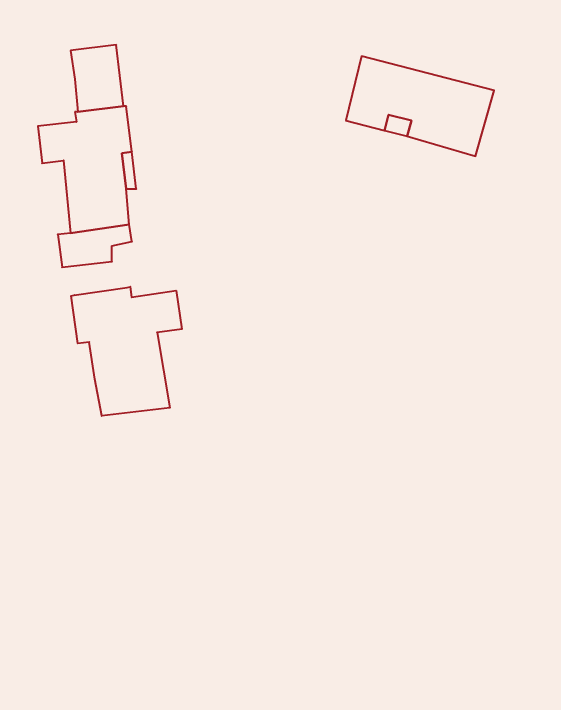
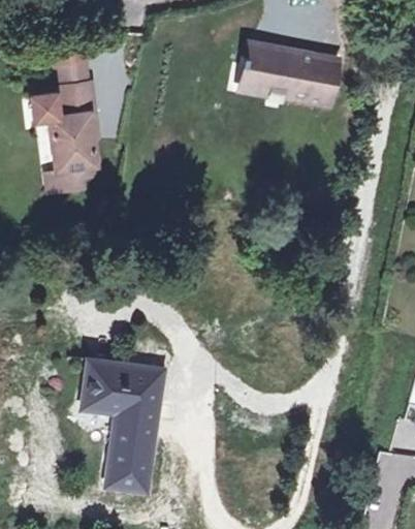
building: [71,287,182,416] -> none
building: none -> [81,359,159,490]

